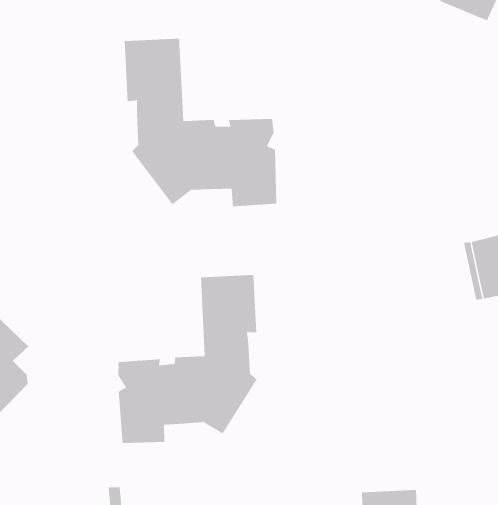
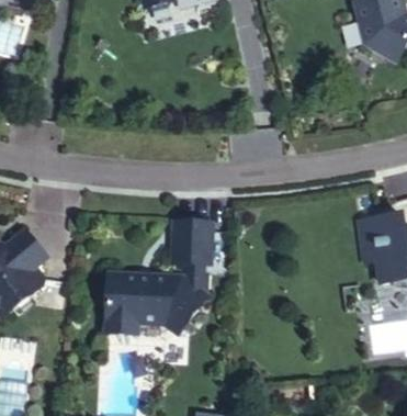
building: [124,38,277,207] -> none

